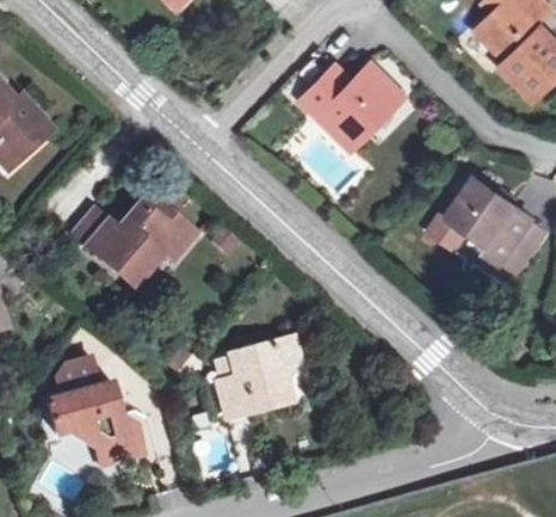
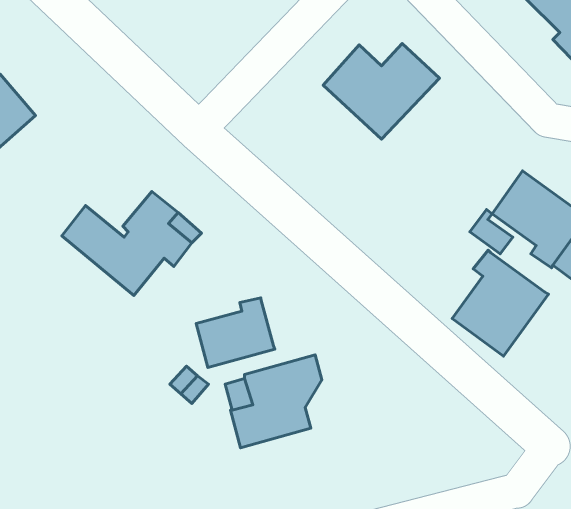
building: none -> [452,250,549,356]
building: none -> [196,298,275,367]
building: [47,355,144,463] -> none

